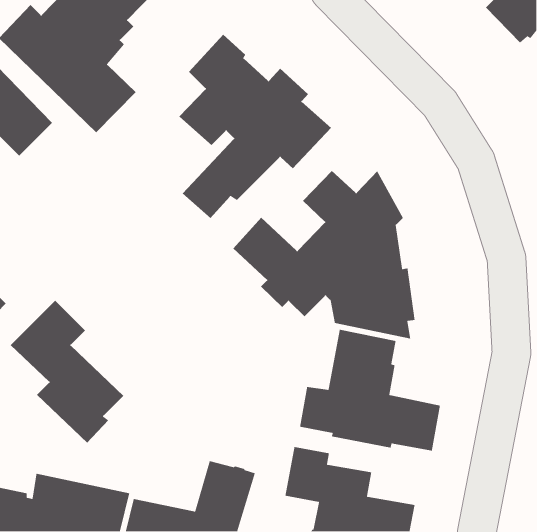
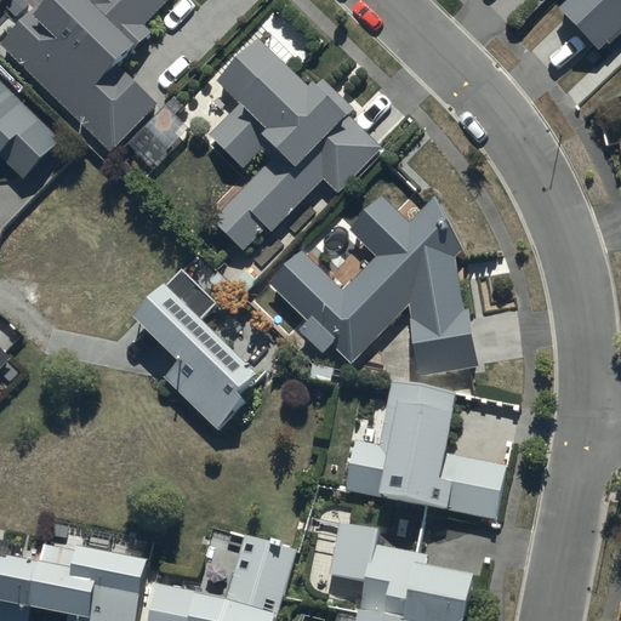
building: [10,300,124,444] -> [129,263,260,428]

